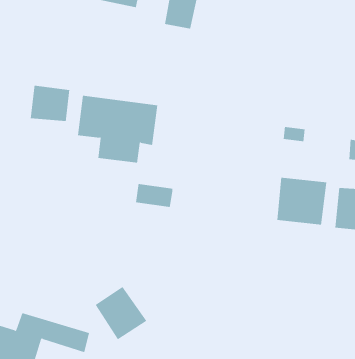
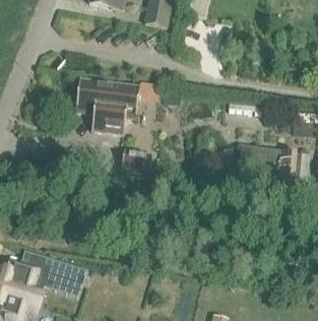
building: [30,85,70,122] -> none
building: [95,286,147,340] -> none

